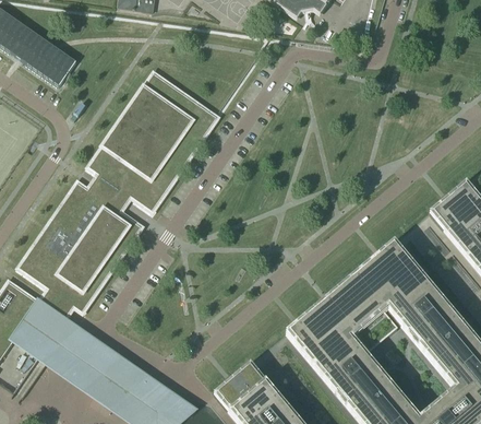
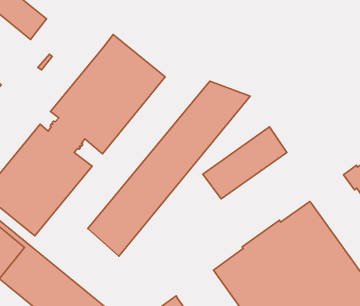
building: none -> [88,81,250,256]
building: none -> [203,127,287,199]

